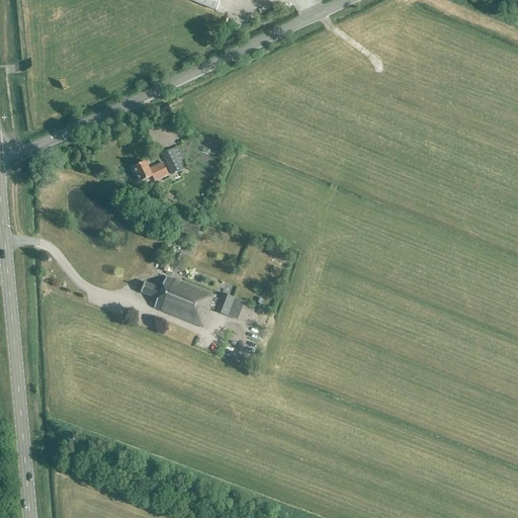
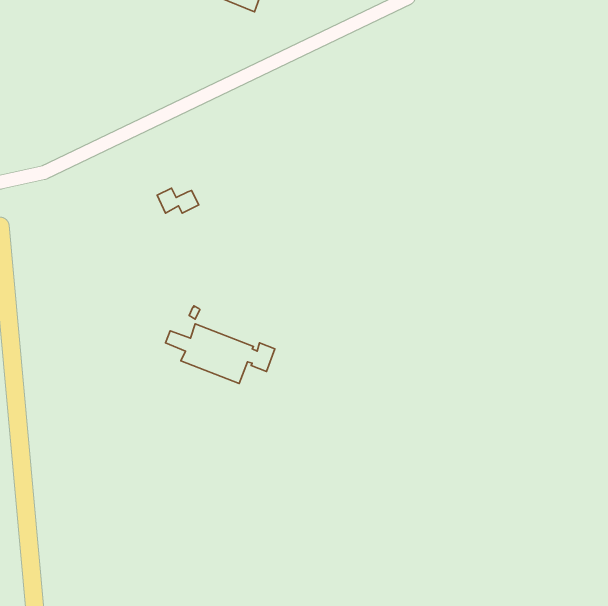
building: [160,144,185,174] -> none

